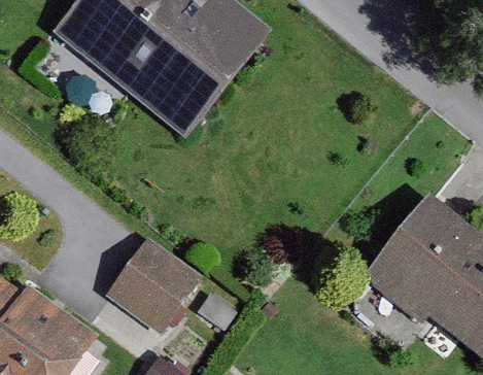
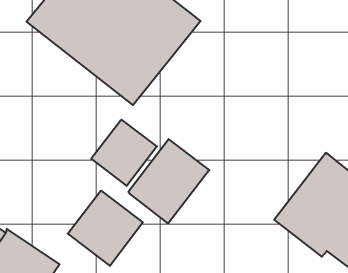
building: none -> [91,120,157,186]
building: none -> [128,139,209,223]

